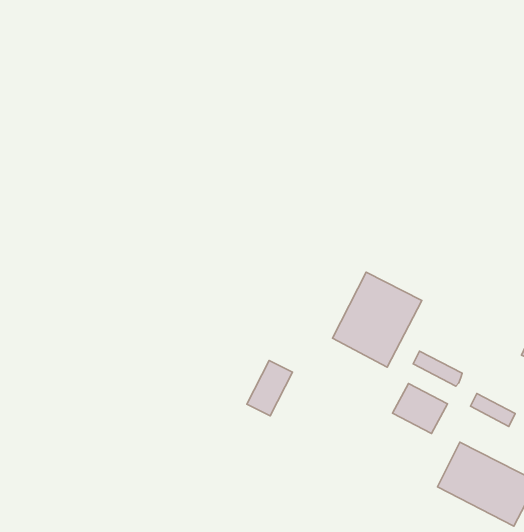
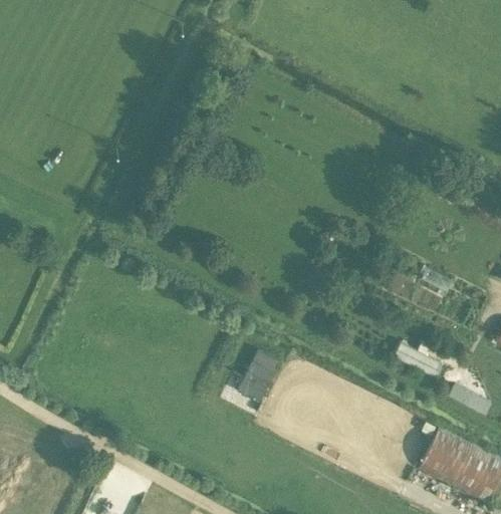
building: [332,272,422,367] -> none
building: [392,383,447,434] -> none

